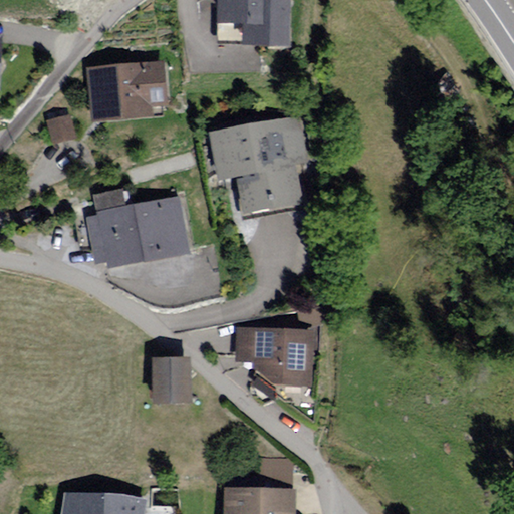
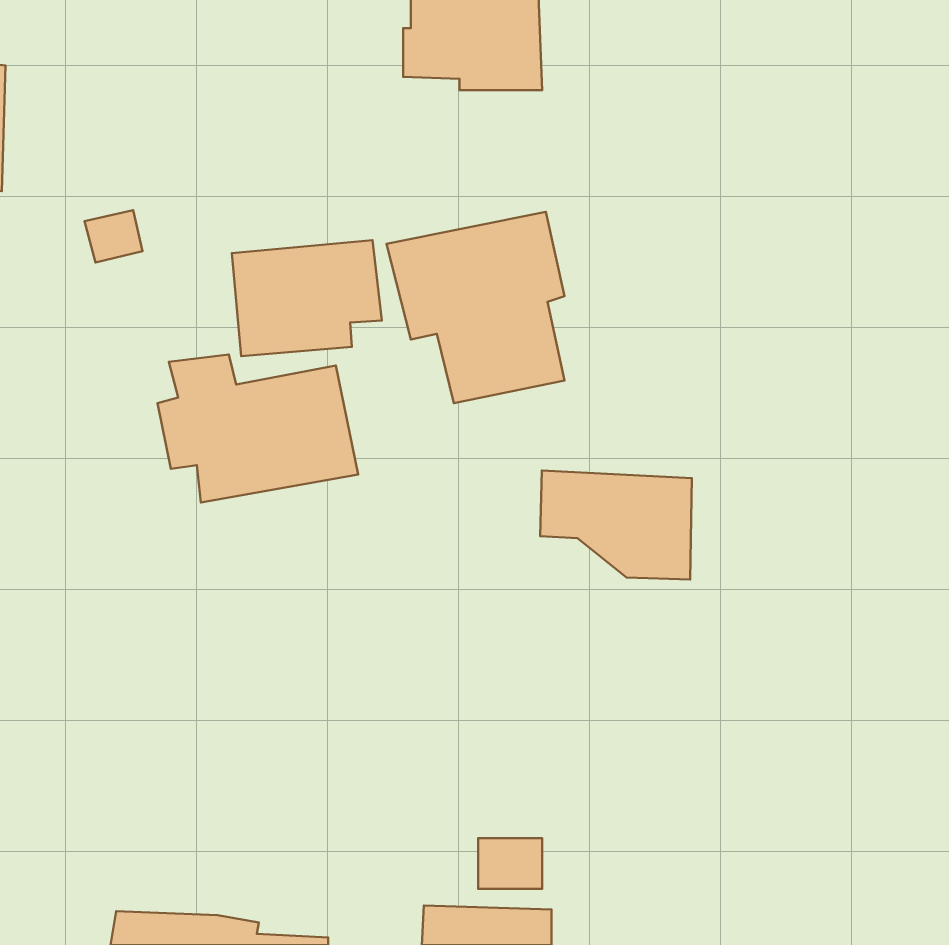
building: [87,61,168,123] -> [232,240,382,356]
building: [233,326,314,384] -> [540,471,692,579]
building: [155,360,189,405] -> none

